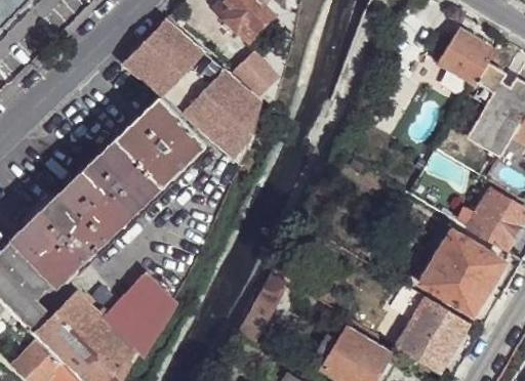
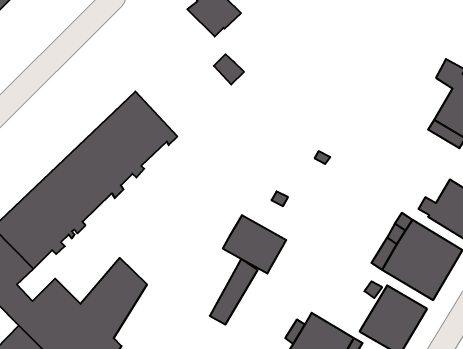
building: [122,18,261,164] -> none
building: [440,30,494,82] -> none
building: none -> [223,215,286,274]

